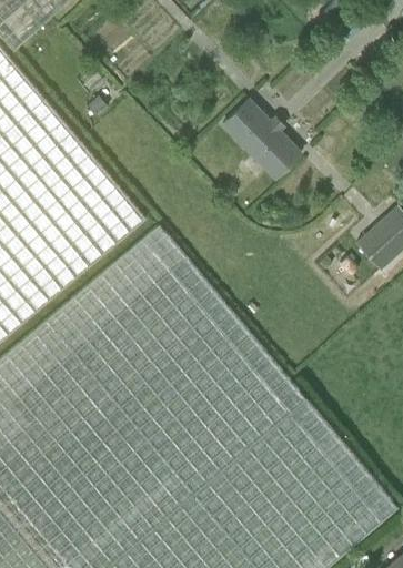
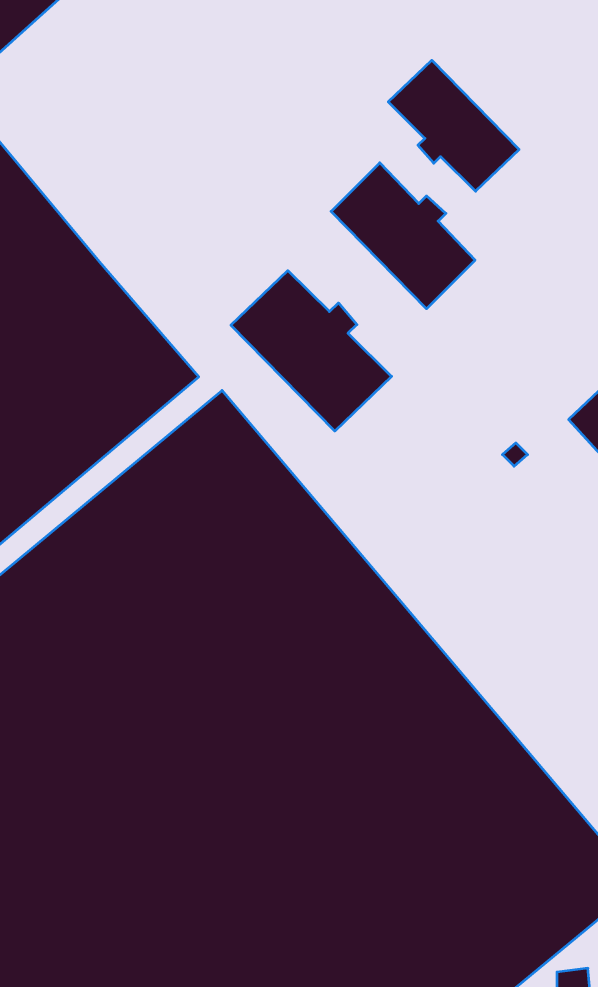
building: none -> [388,60,519,191]
building: none -> [231,271,392,431]

